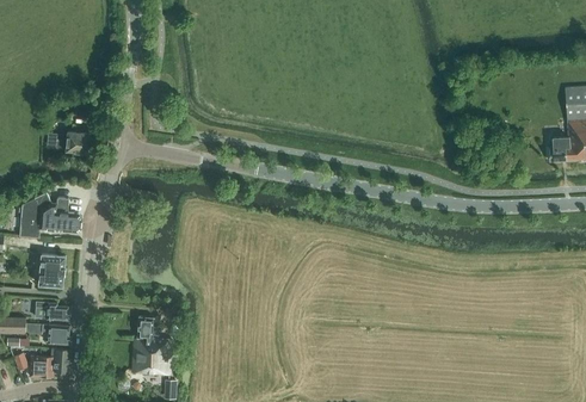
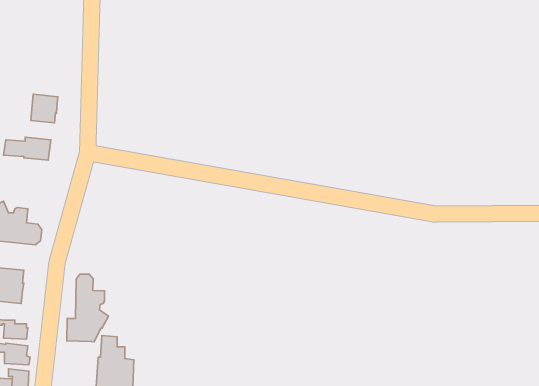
building: none -> [31,94,58,123]
building: none -> [67,274,108,342]

